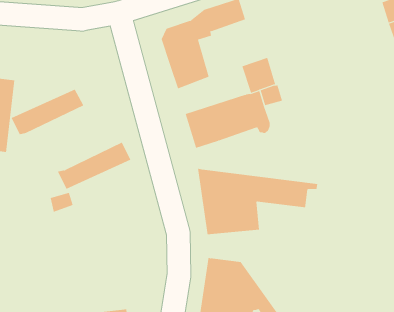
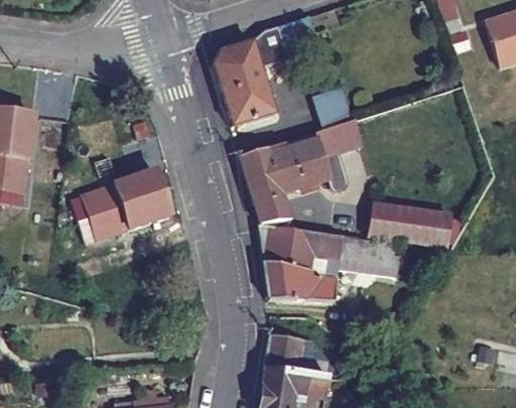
building: [11,89,84,135] -> [76,171,165,228]
building: none -> [255,190,291,225]
building: none -> [375,207,439,241]

